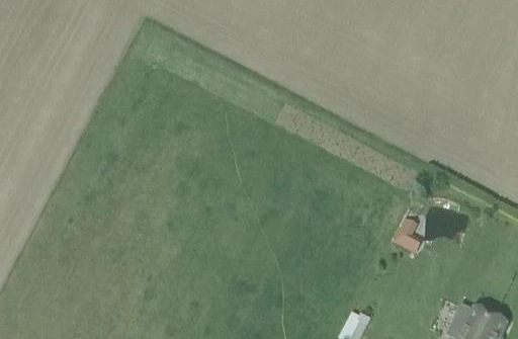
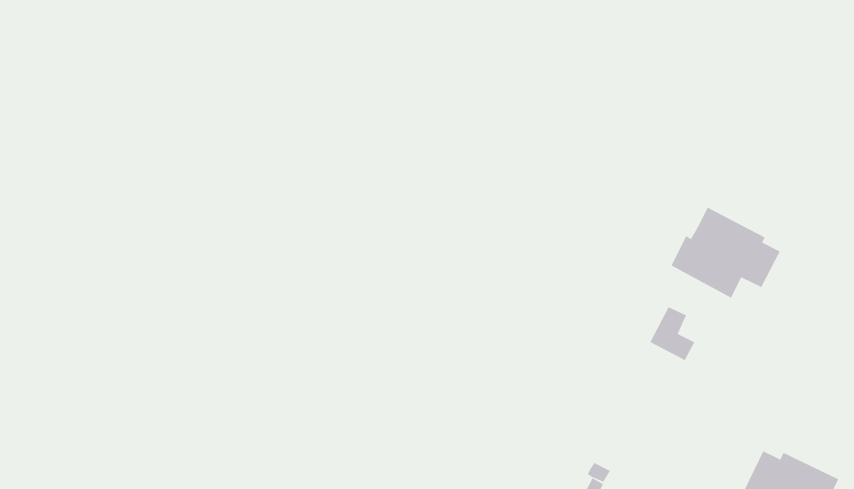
building: none -> [671,207,781,299]

